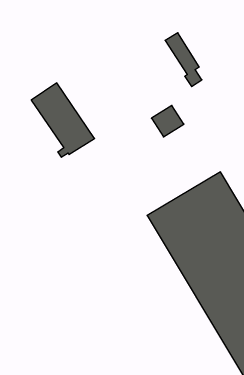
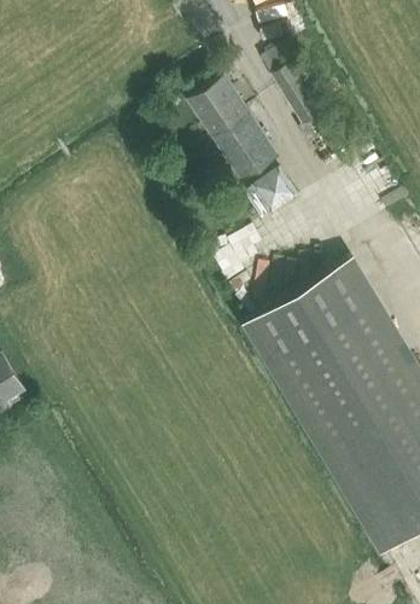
building: [31,83,95,157] -> [187,76,276,181]

